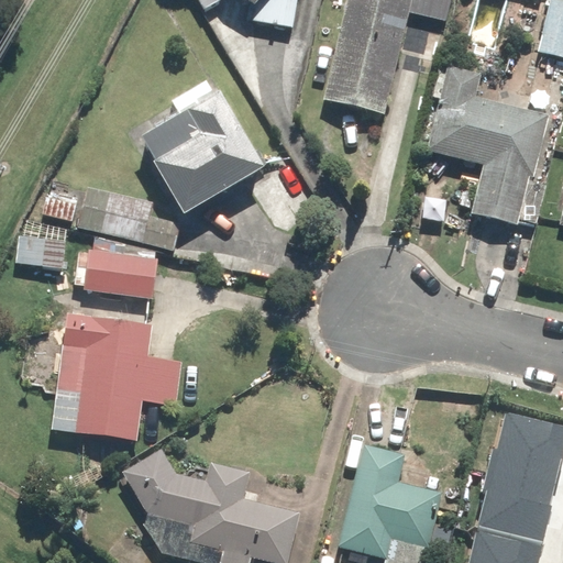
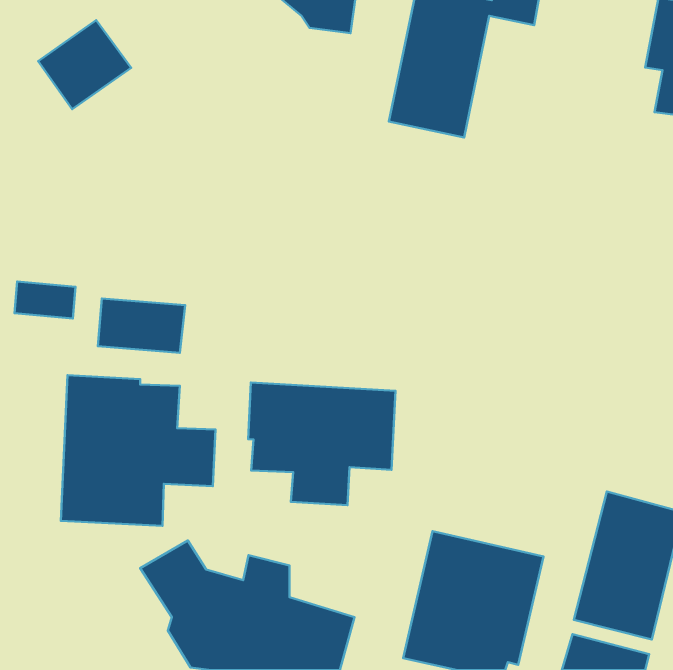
building: none -> [38,20,131,109]
building: [428,69,550,227] -> none
building: [42,81,263,251] -> none
building: none -> [248,383,396,505]

